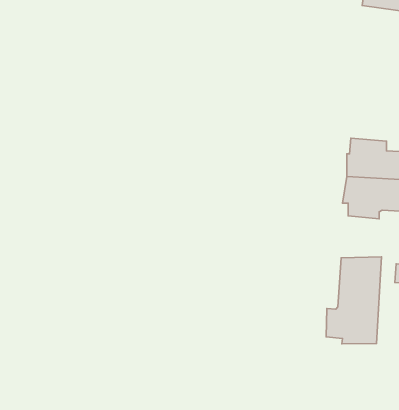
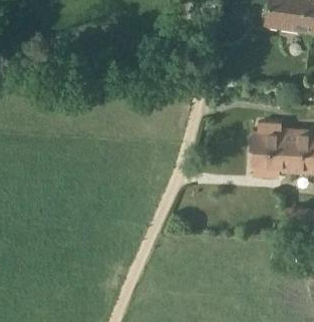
building: [326,257,382,344] -> none

